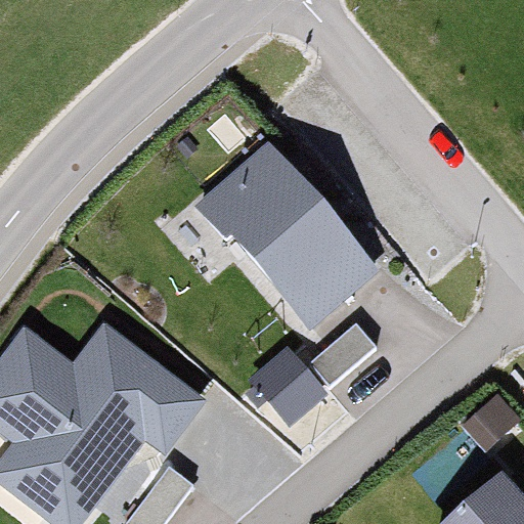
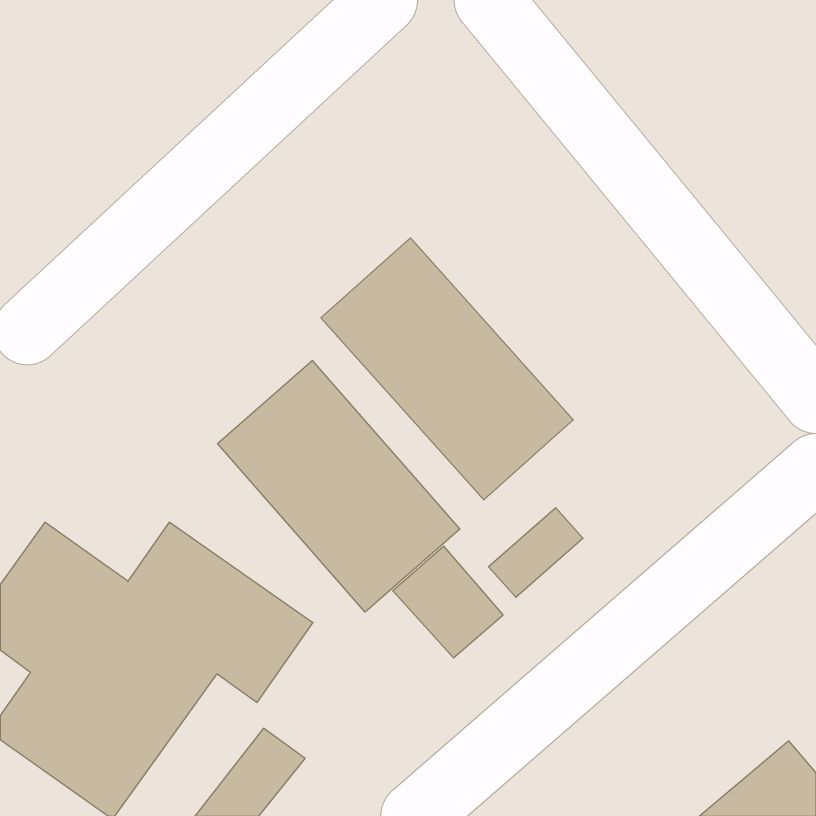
building: none -> [218,360,460,612]

